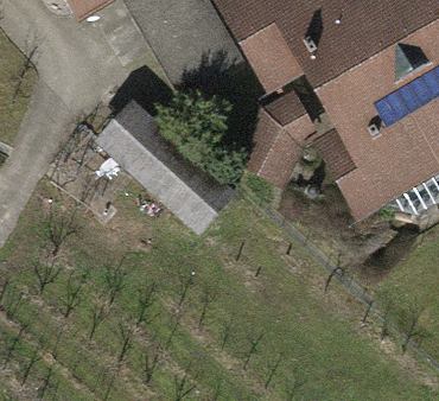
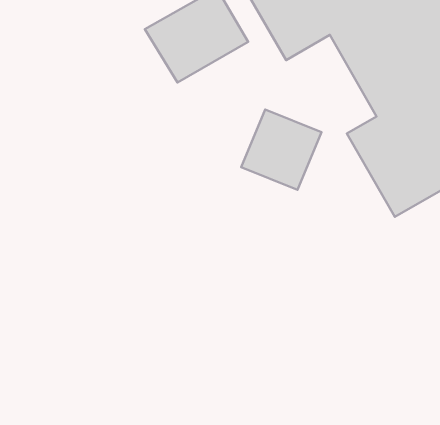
building: [96,109,237,242] -> none

